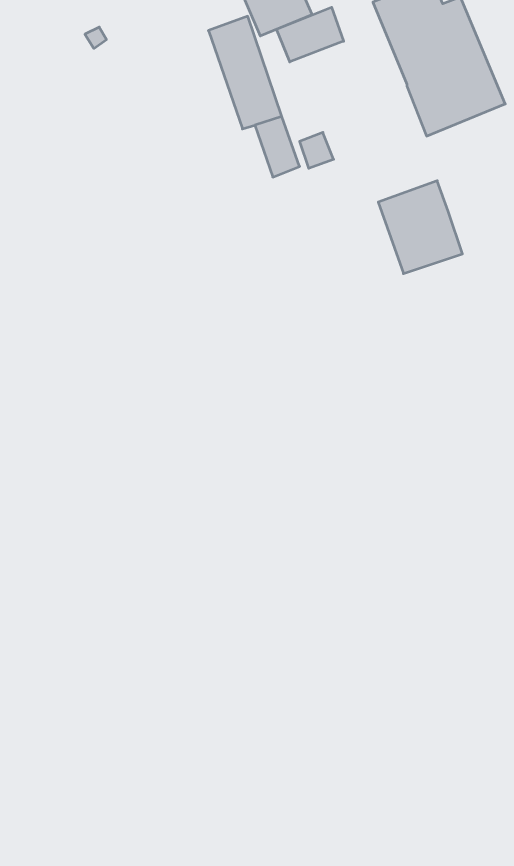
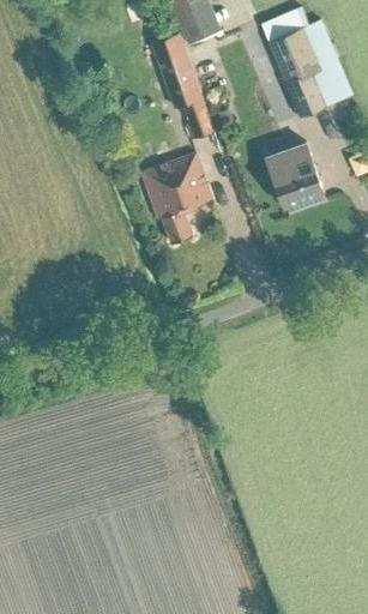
building: [276,7,344,62] -> none
building: none -> [141,152,212,243]

